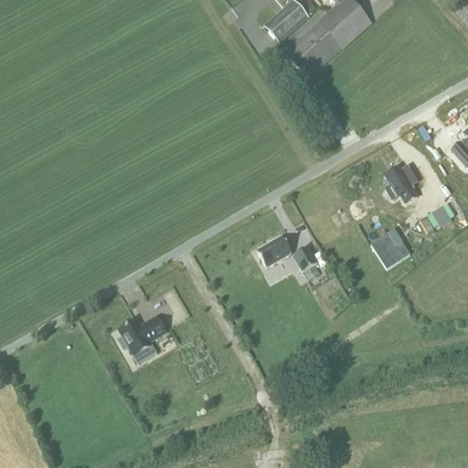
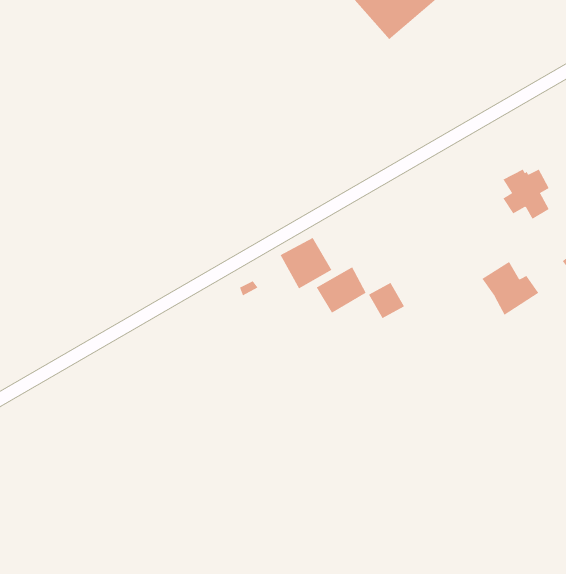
building: none -> [280,237,332,289]
building: [118,314,166,352] -> none

